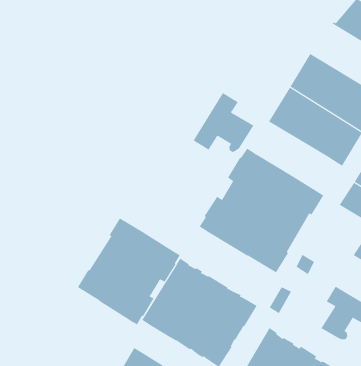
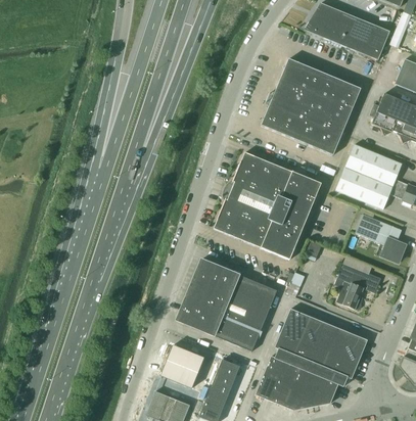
building: [193,92,254,153] -> none
building: [77,218,181,325] -> none

